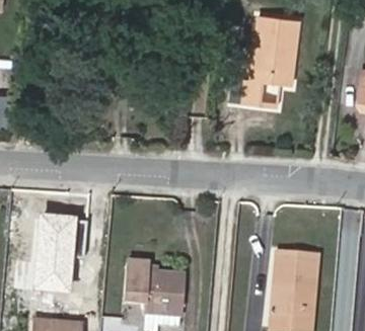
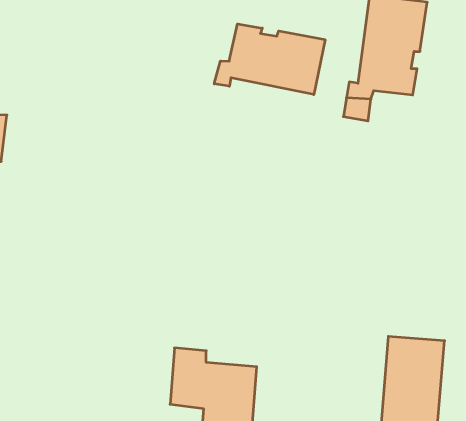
building: none -> [214,24,325,95]
building: [31,213,76,295] -> none

